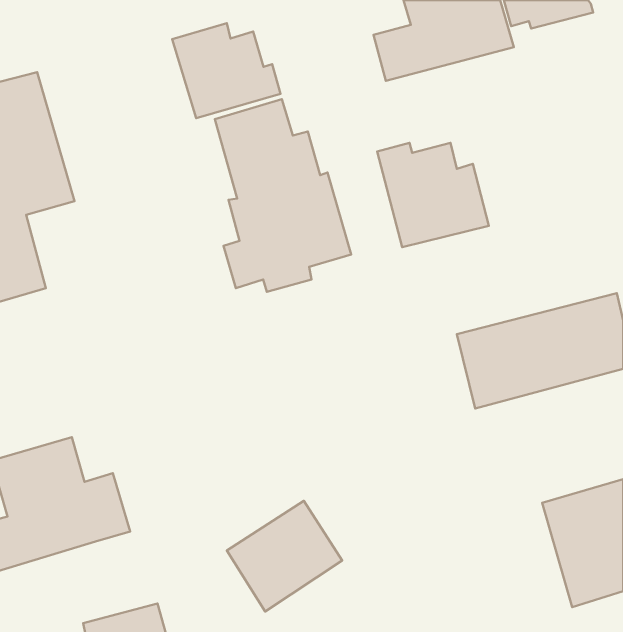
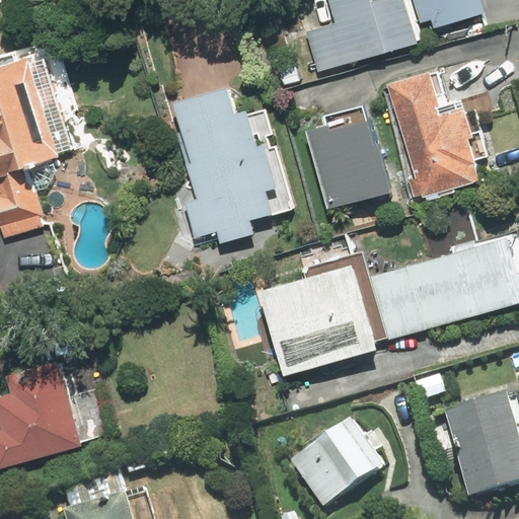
building: [172,23,281,118] -> none
building: none -> [387,72,489,206]
building: none -> [262,260,384,373]
building: [227,501,342,611] -> [288,420,382,510]

